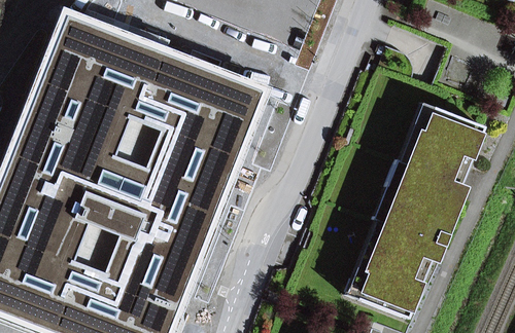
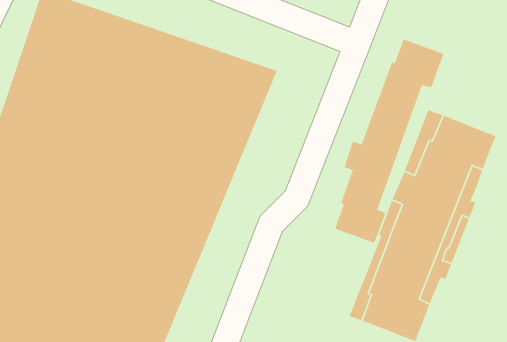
building: none -> [334,38,445,244]

